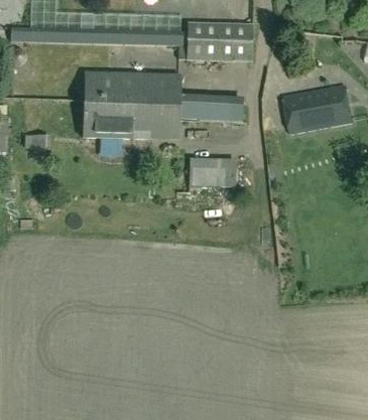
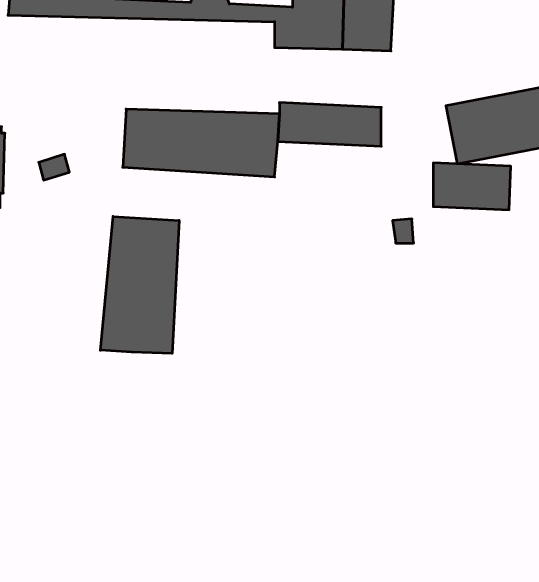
building: [84,72,180,101] -> none
building: [188,157,236,186] -> [433,163,511,210]
building: none -> [100,216,179,353]

